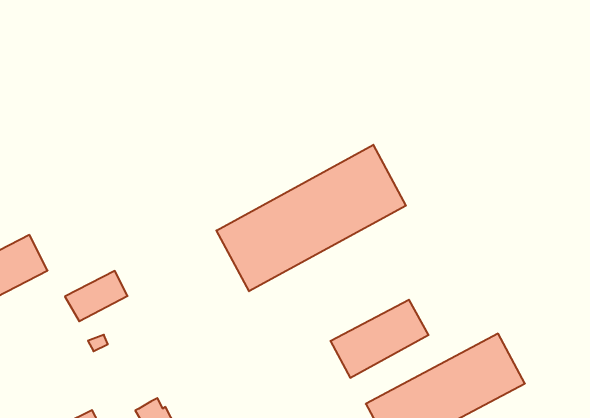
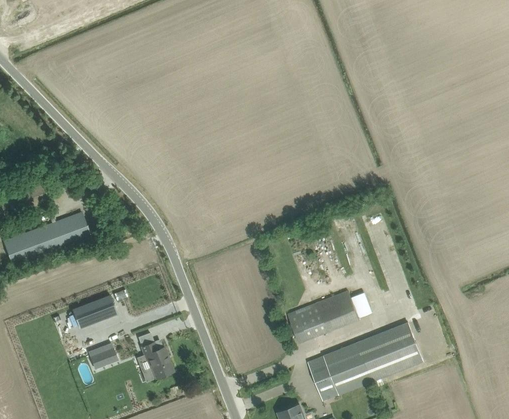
building: [216,145,406,291] -> none
building: [65,271,128,321] -> [71,294,116,327]

